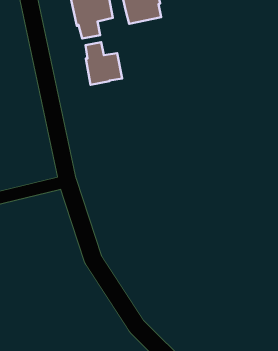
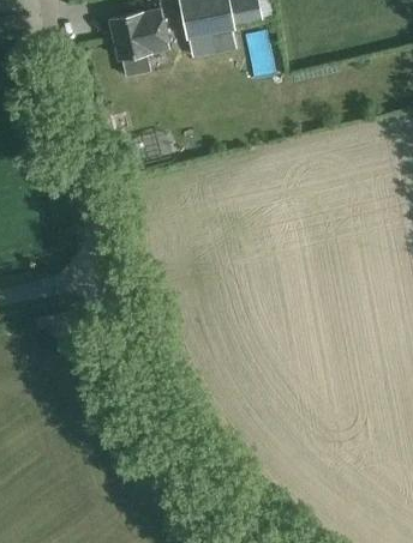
building: [86,42,122,85] -> none

